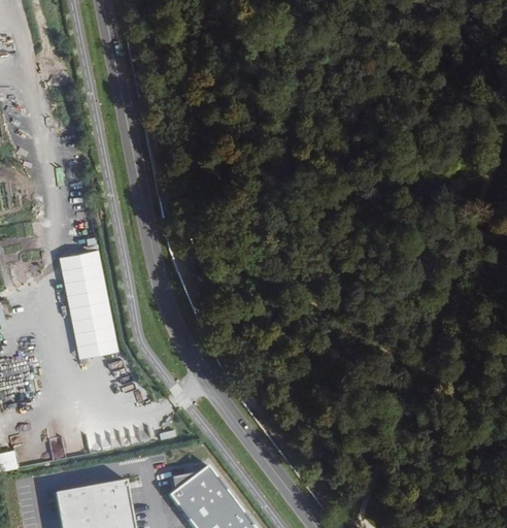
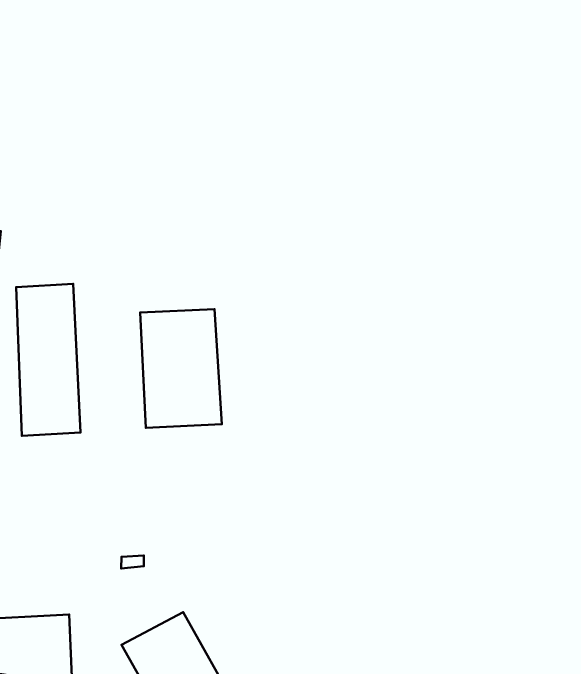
building: none -> [140,309,222,428]

